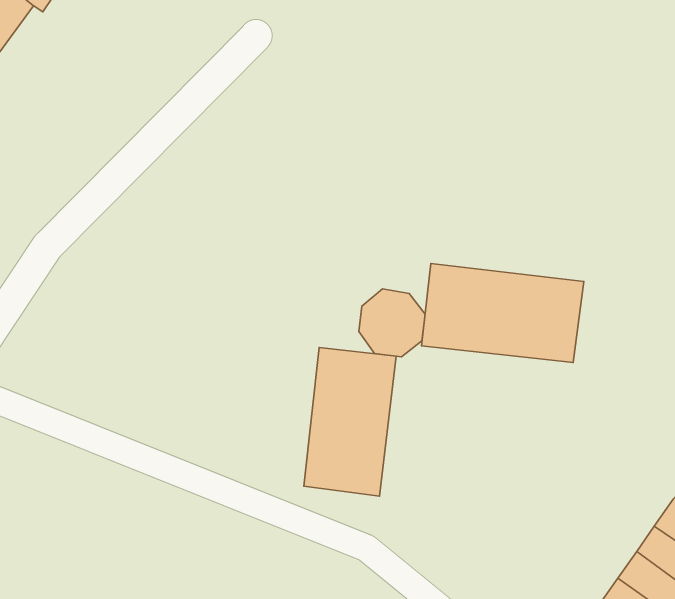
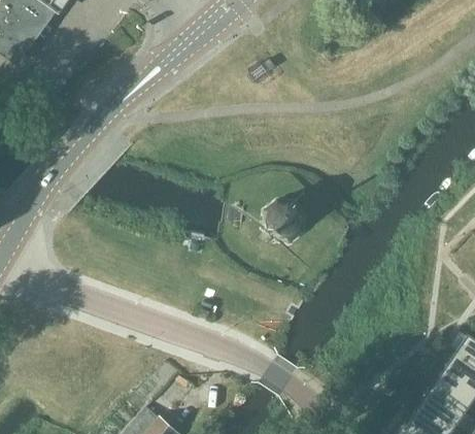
building: [421,264,584,362] -> none
building: [304,347,396,496] -> none

